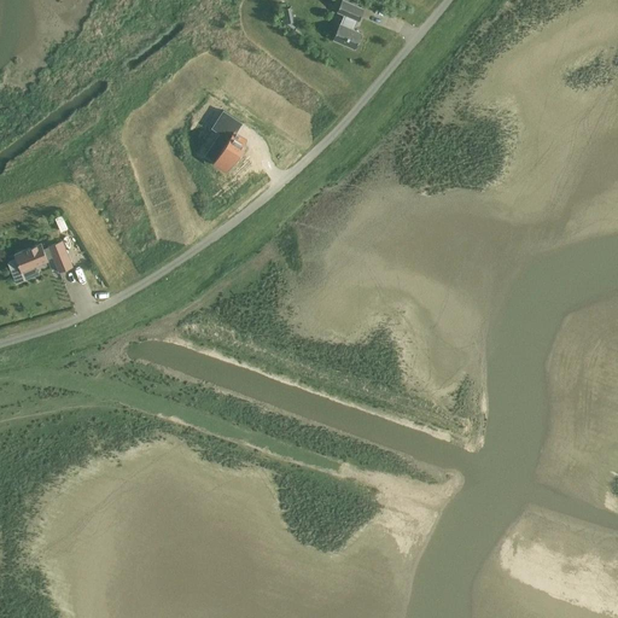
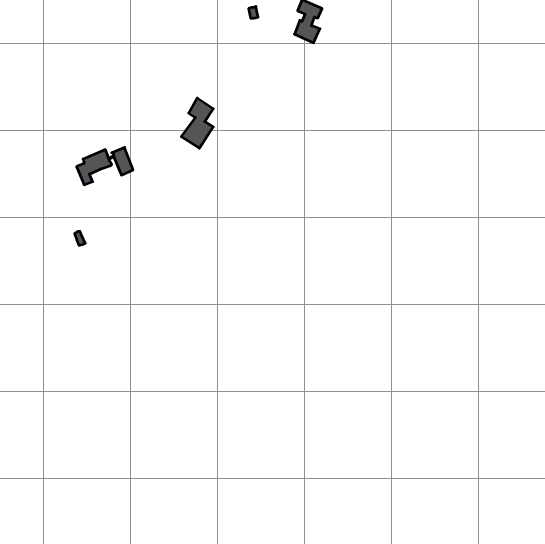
building: [8,241,72,284] -> [77,147,133,185]

